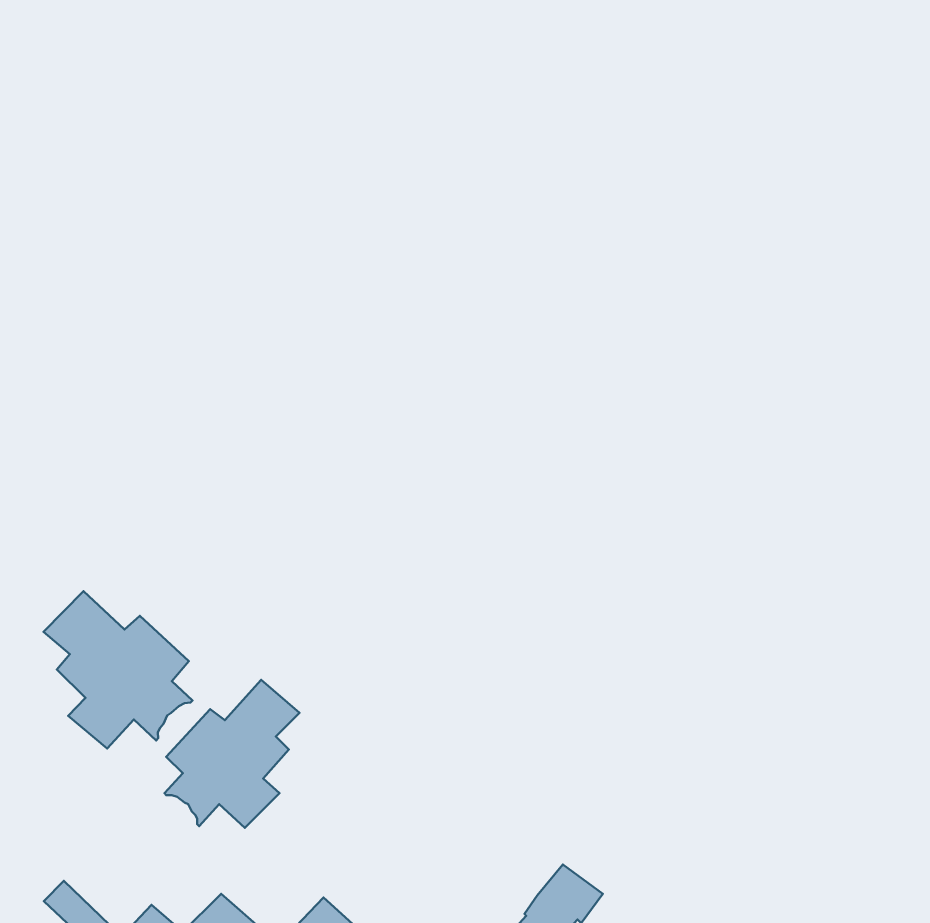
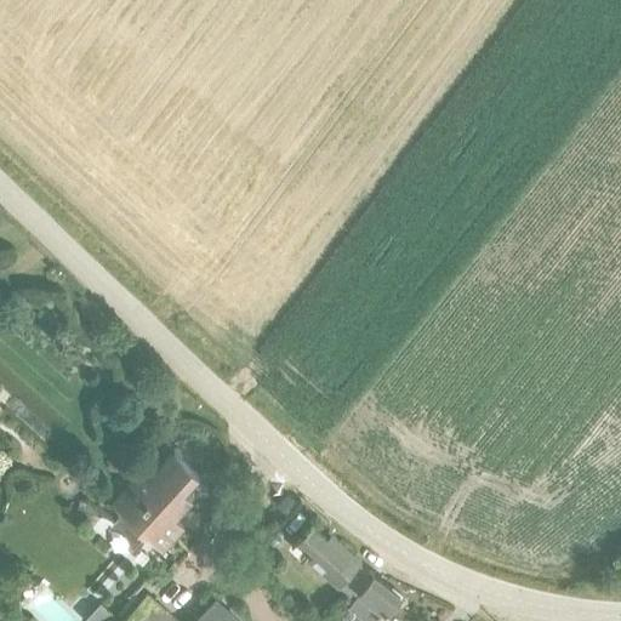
building: [43,591,192,749] -> none
building: none -> [301,531,376,604]

